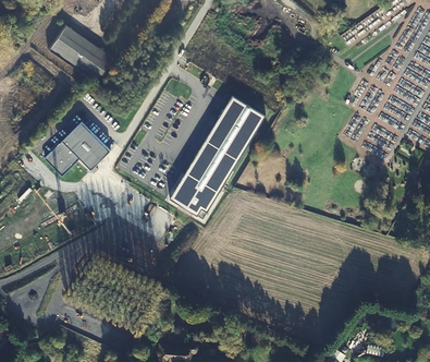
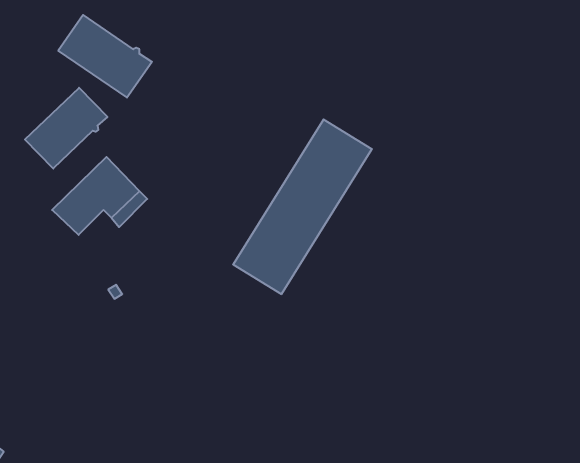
building: none -> [25,88,107,169]

